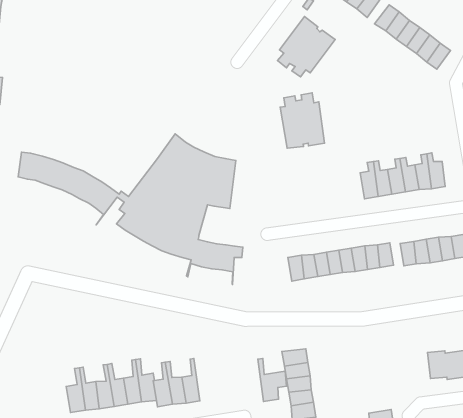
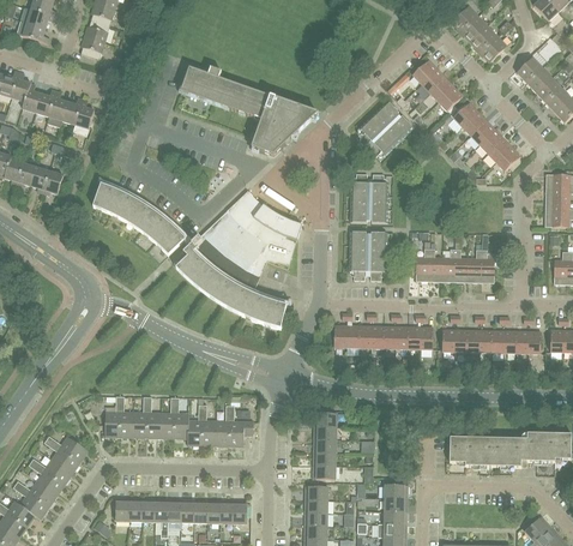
building: none -> [180,66,316,155]
building: none -> [349,230,386,280]
building: [258,358,287,402] -> [228,404,253,445]

